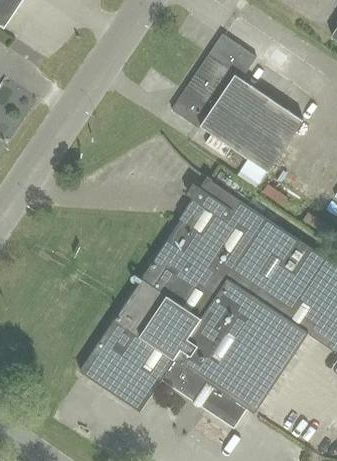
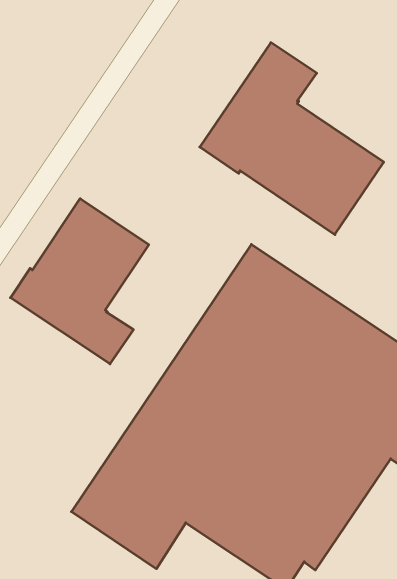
building: none -> [10,199,149,364]

